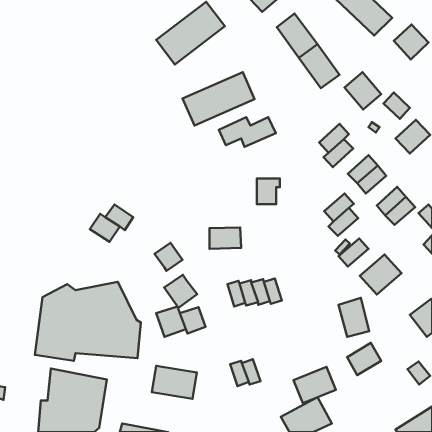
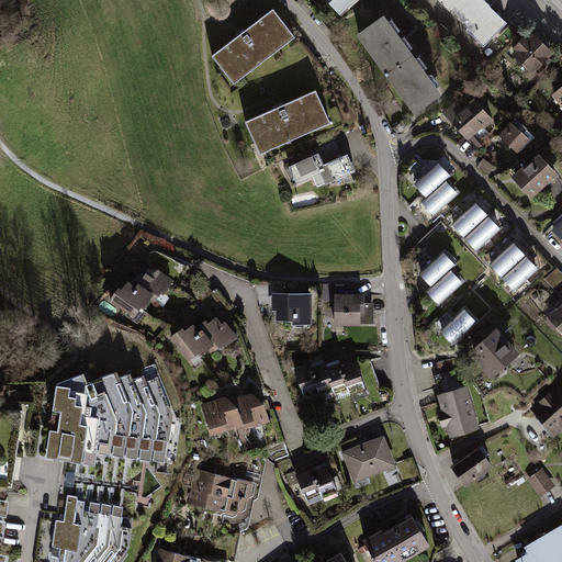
building: [257,179,280,204] -> [335,293,364,326]
building: [164,275,197,308] -> [170,321,213,363]
building: [293,367,336,403] -> [340,435,395,482]

